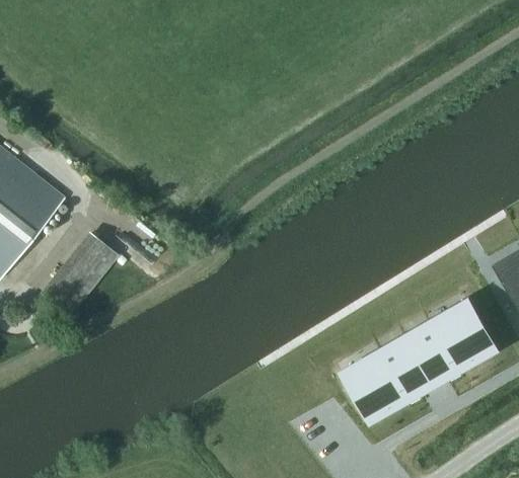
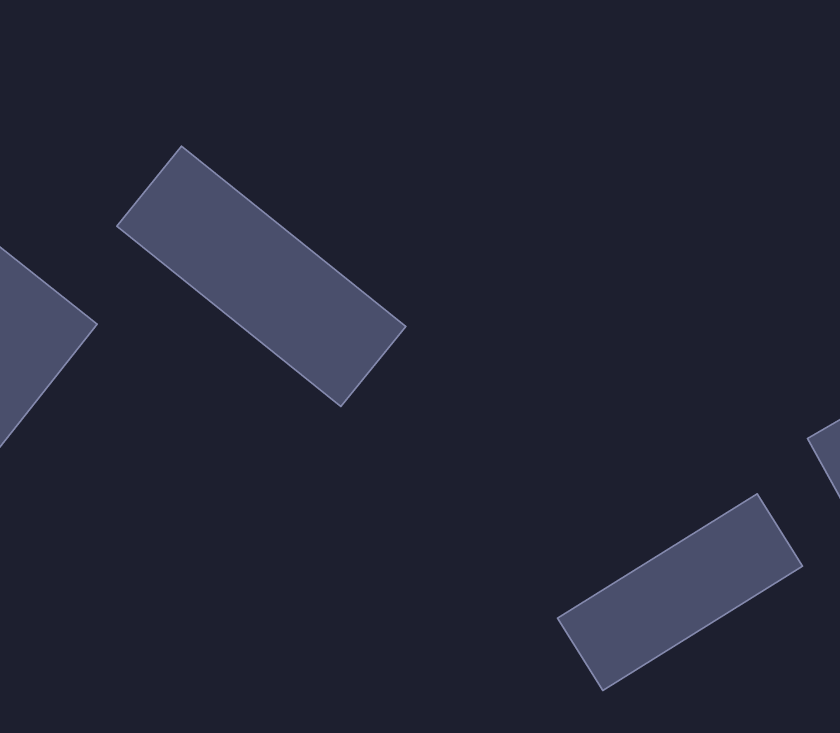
building: none -> [117,146,406,406]
building: [39,231,119,317] -> none

